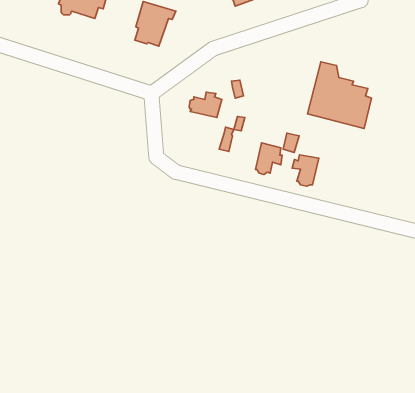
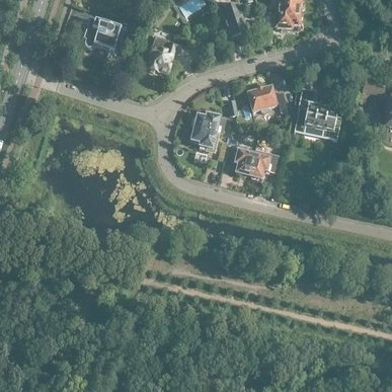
building: none -> [246,86,286,112]
building: none -> [188,127,215,149]
building: [292,155,319,186] -> [230,150,252,176]

